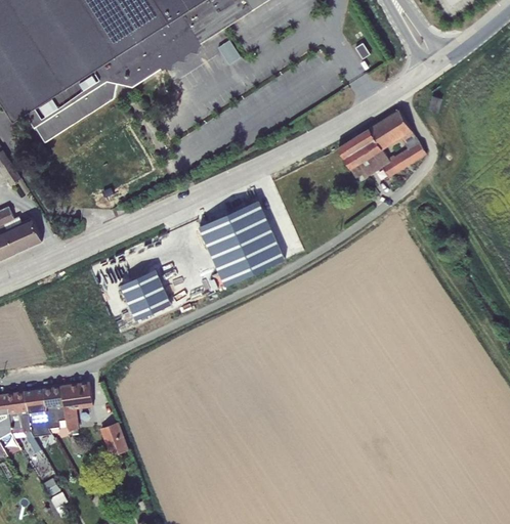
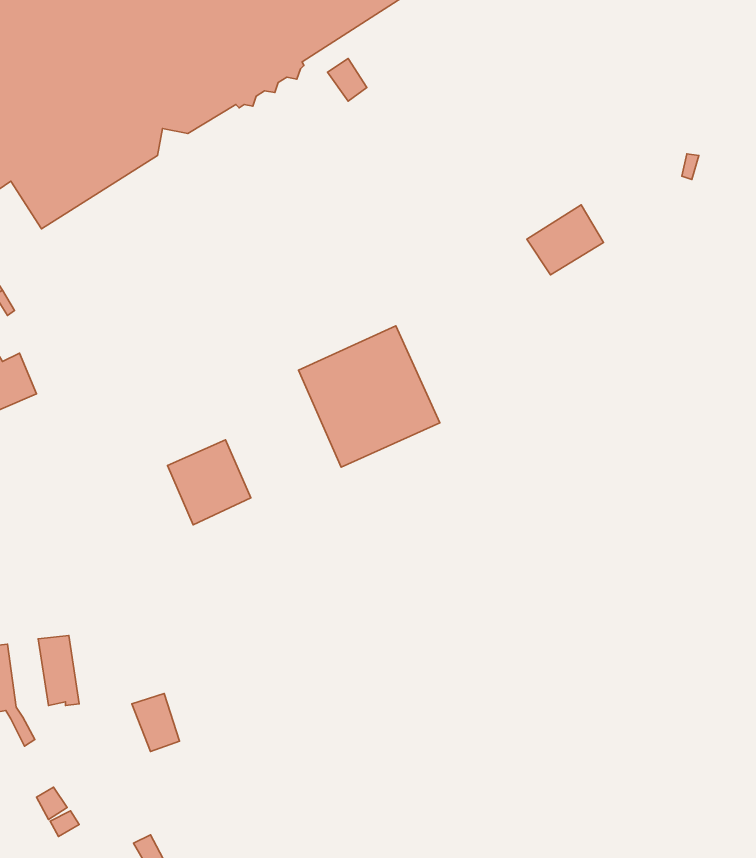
building: [349,108,424,178] -> none
building: [59,382,91,434] -> none
building: [23,388,50,435] -> none

